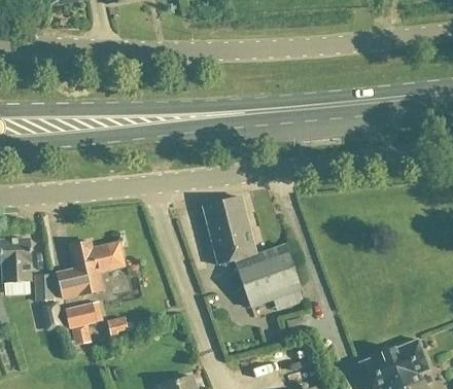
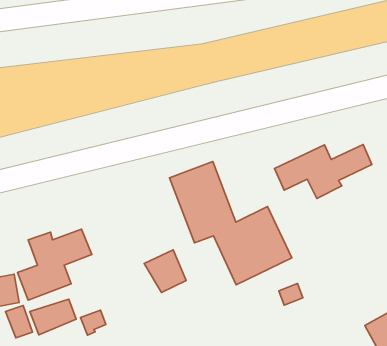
building: none -> [274,144,372,198]
building: none -> [144,250,186,293]

